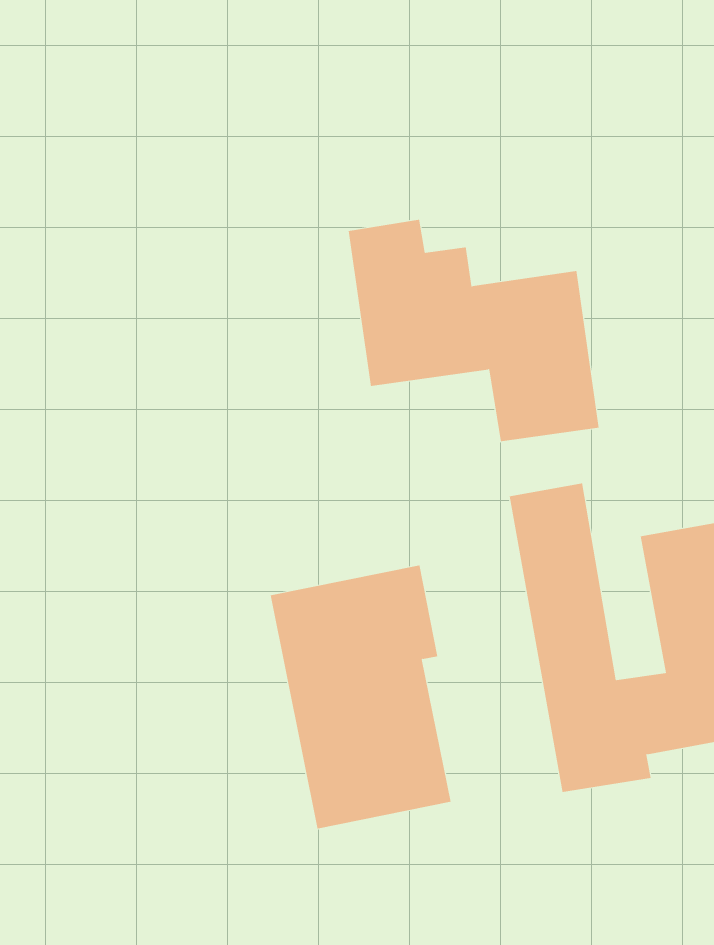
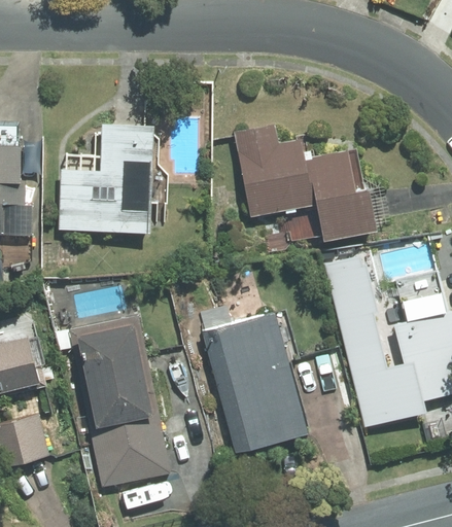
building: none -> [58,126,153,234]
building: none -> [69,314,169,483]

